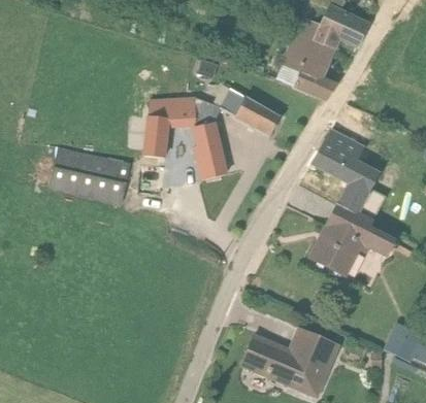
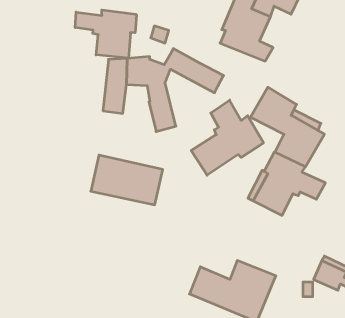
building: none -> [75,10,136,58]
building: none -> [191,100,263,175]
building: [48,147,131,204] -> [91,155,163,205]

